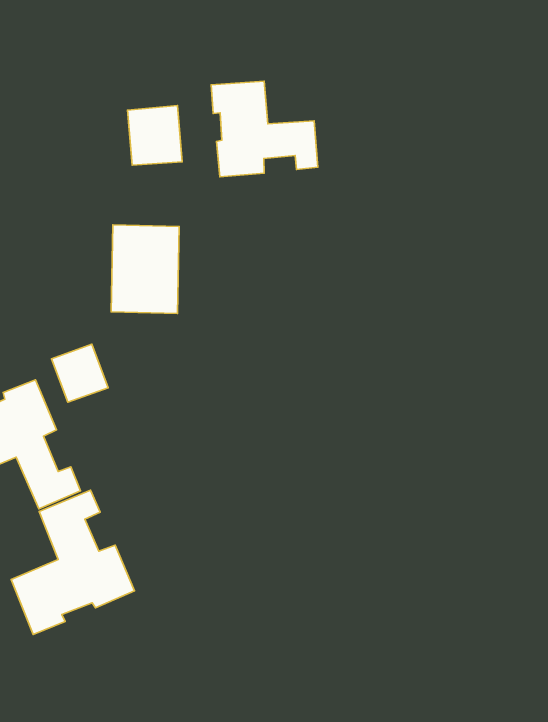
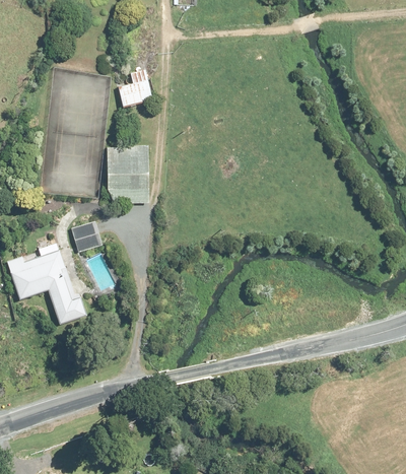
building: [211,81,318,177] -> none
building: [11,490,134,635] -> none

